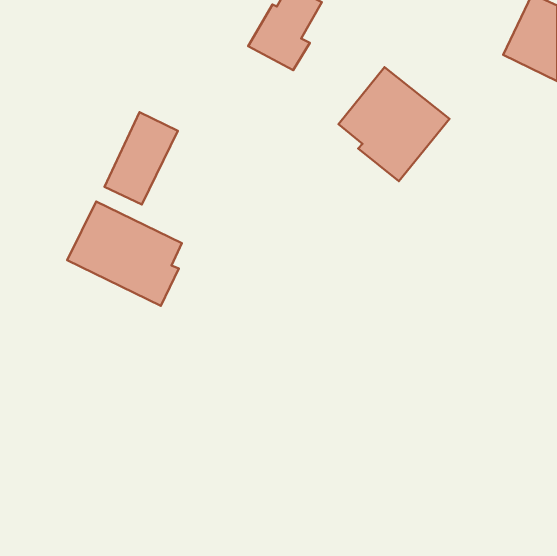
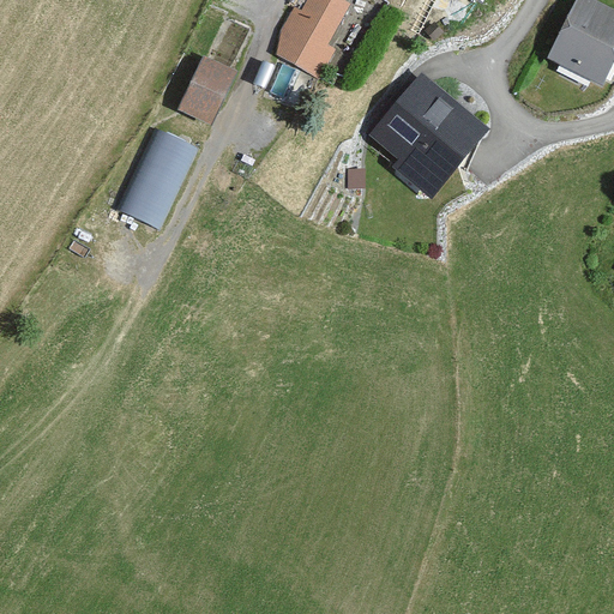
building: none -> [176,60,230,122]
building: [67,202,182,306] -> none

